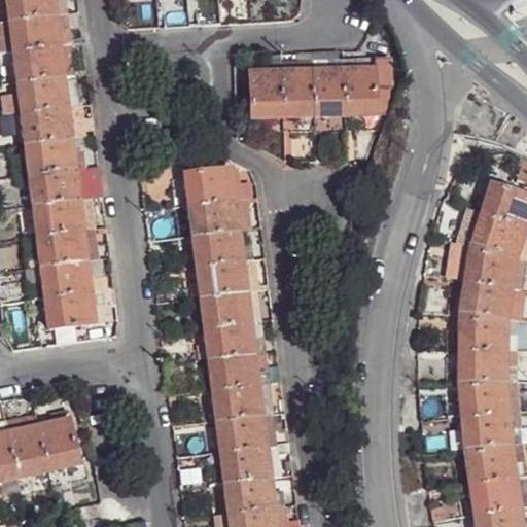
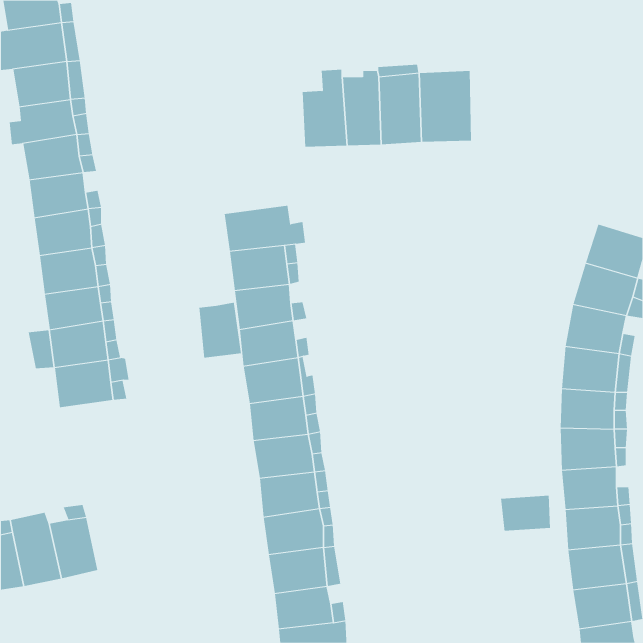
building: none -> [199,302,242,359]
building: none -> [501,495,551,531]

